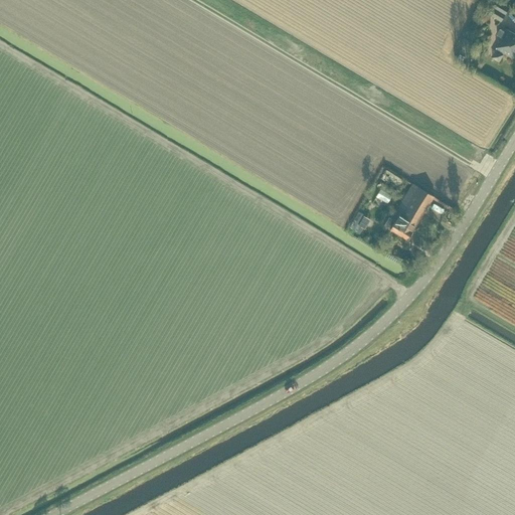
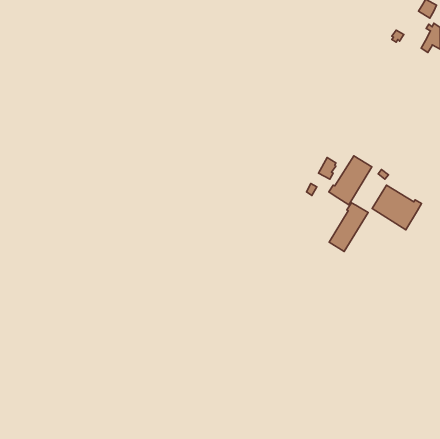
building: none -> [372,185,421,230]
building: none -> [329,203,368,251]

